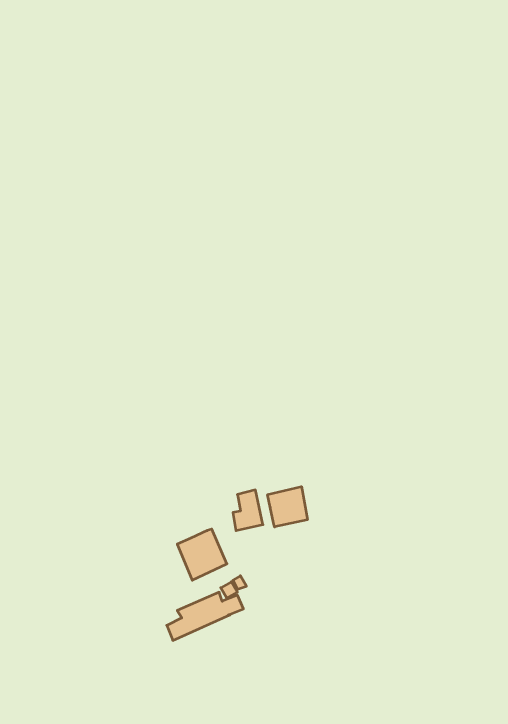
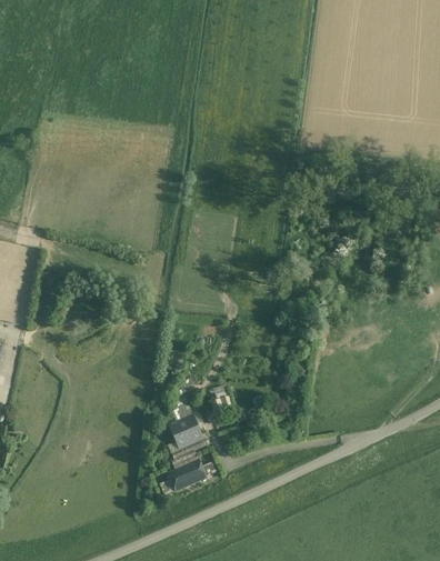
building: [268,487,307,527] -> none

